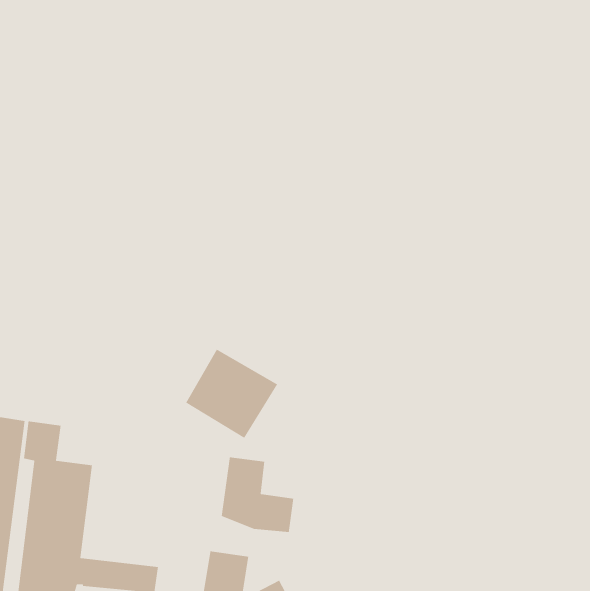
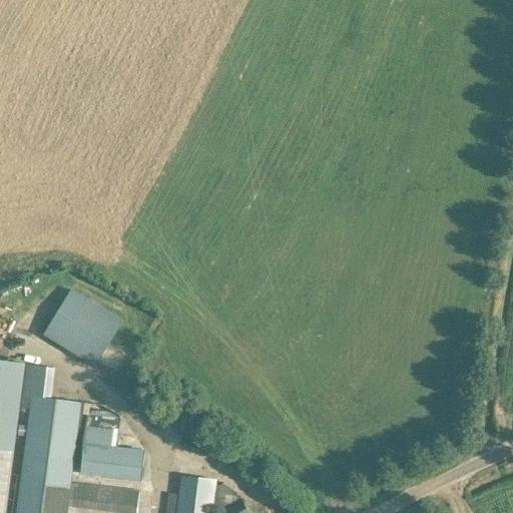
building: [185,348,278,439] -> [42,290,122,368]
building: [221,456,294,533] -> [80,415,143,481]

